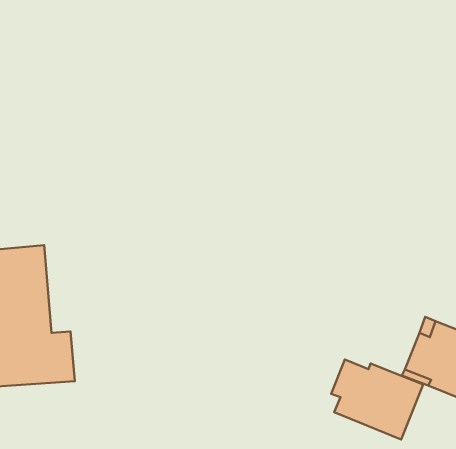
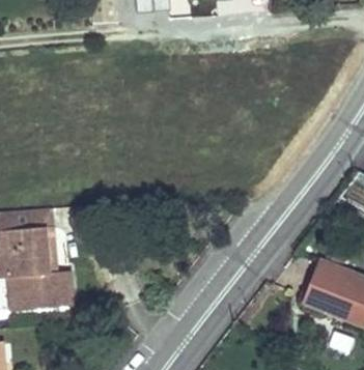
building: [331,360,423,439] -> none

